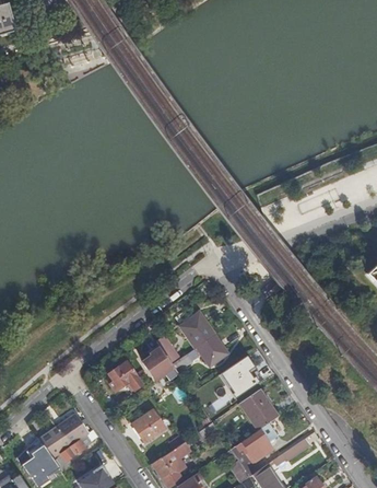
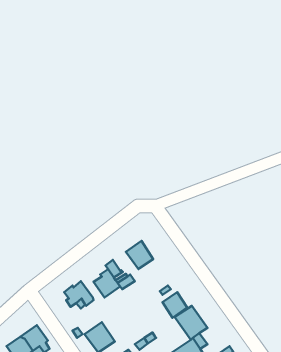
building: [198,334,227,363] -> none

